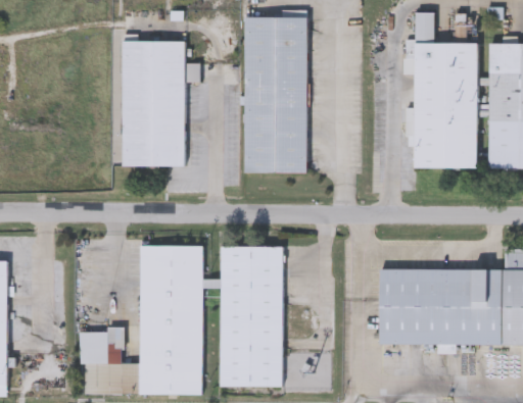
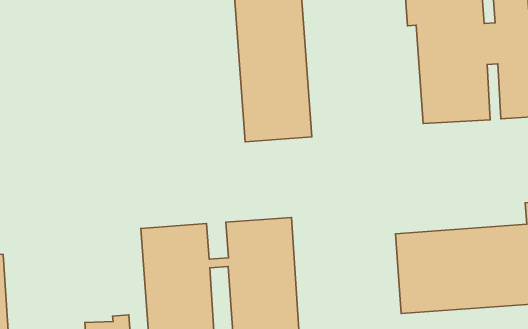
building: [122,41,200,166] -> none

